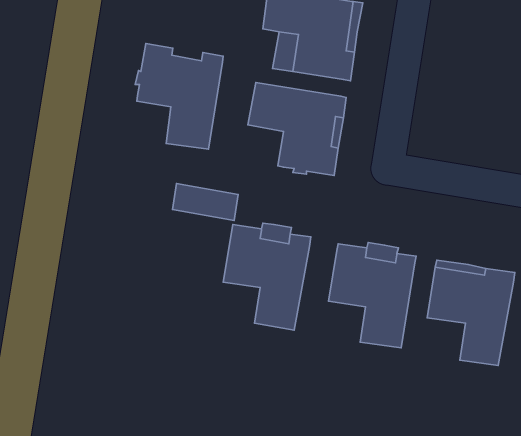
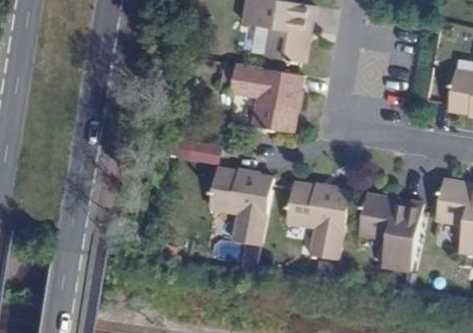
building: [135,44,223,149] -> none

